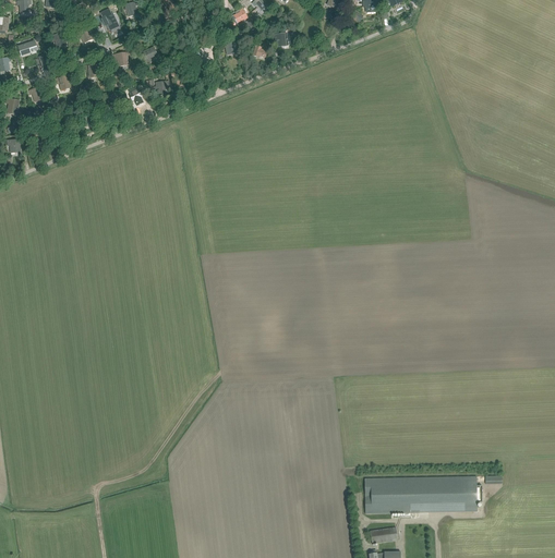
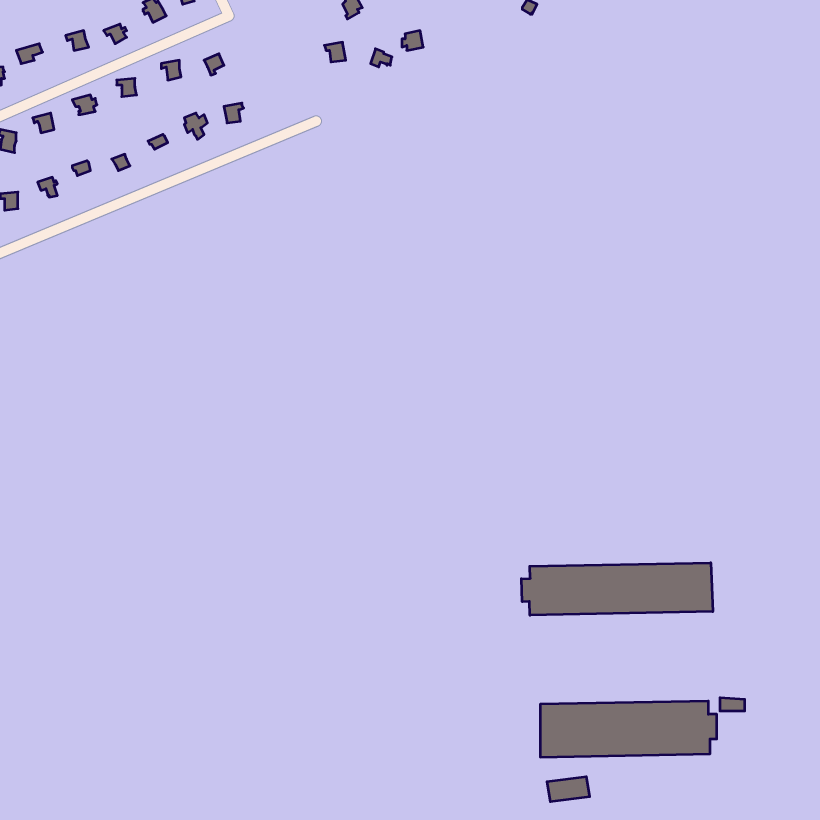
building: none -> [521,563,713,615]

